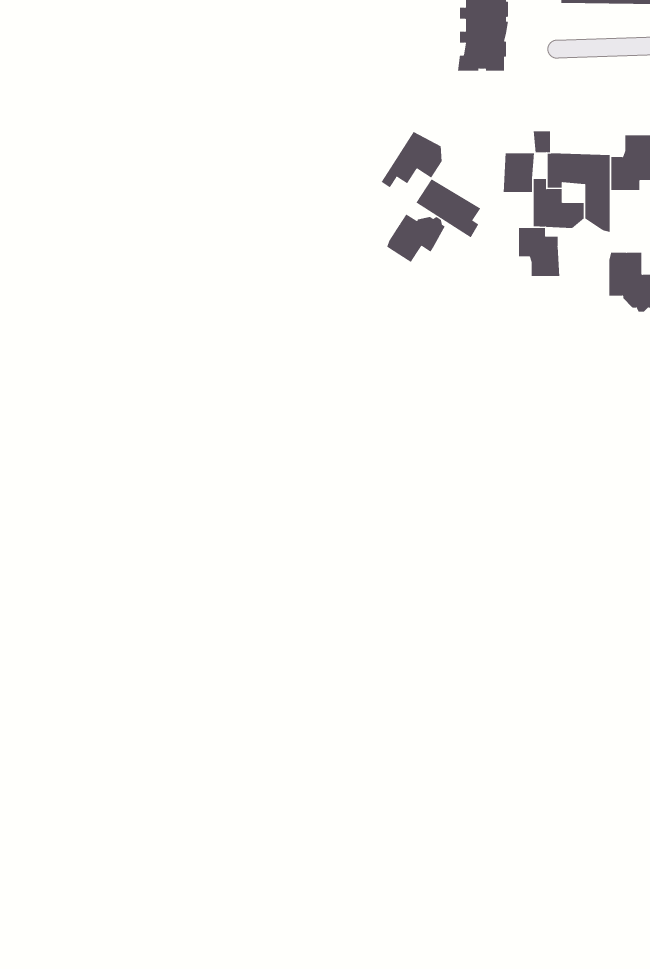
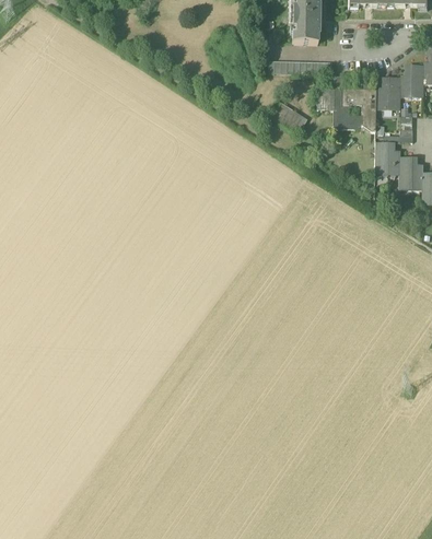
building: [381,131,442,188] -> none
building: [387,213,445,263] -> none
building: [519,227,560,277] -> none

